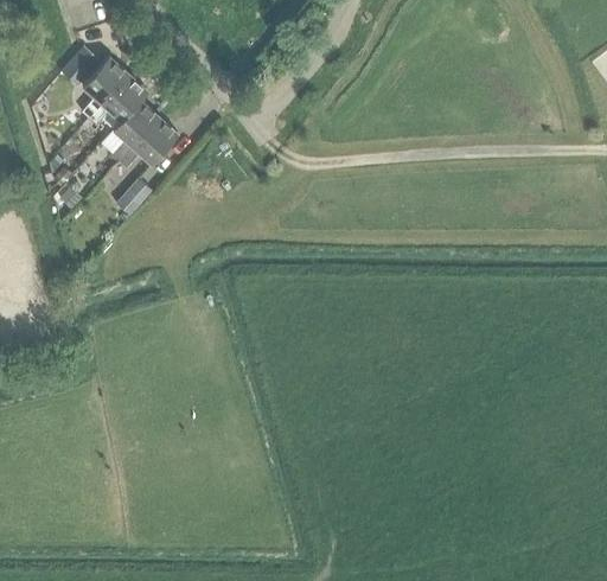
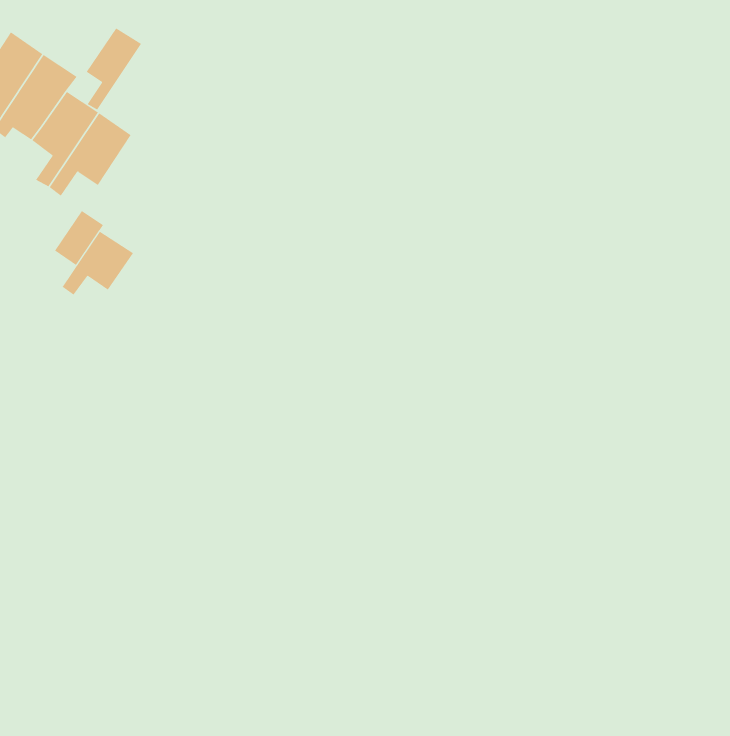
building: none -> [86,28,142,110]
building: none -> [62,231,134,295]

